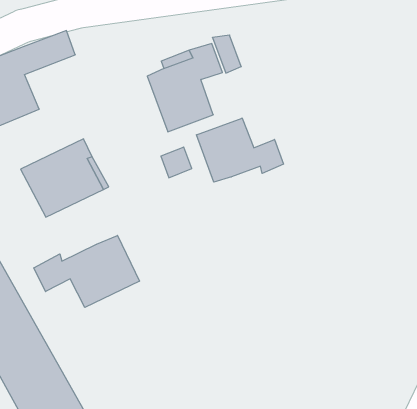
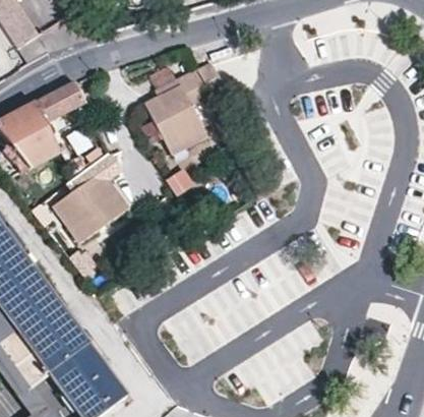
building: [196,118,284,182] -> none
building: [34,235,139,307] -> none

